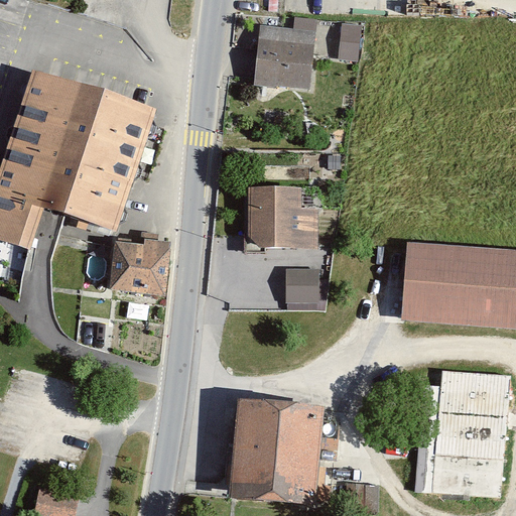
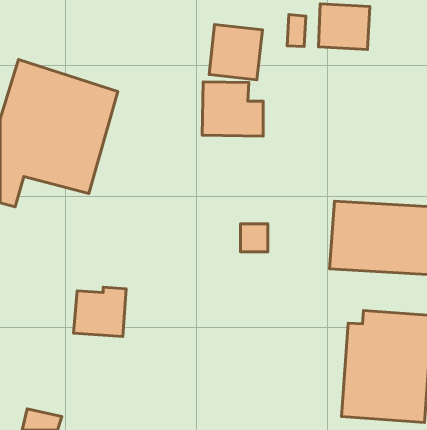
building: none -> [318,4,370,49]
building: [250,181,322,246] -> [202,82,263,136]
building: [107,237,169,295] -> [74,287,126,336]
building: [222,396,320,506] -> none

